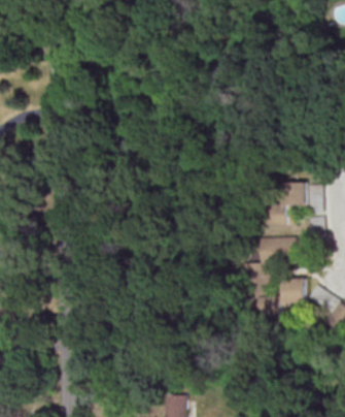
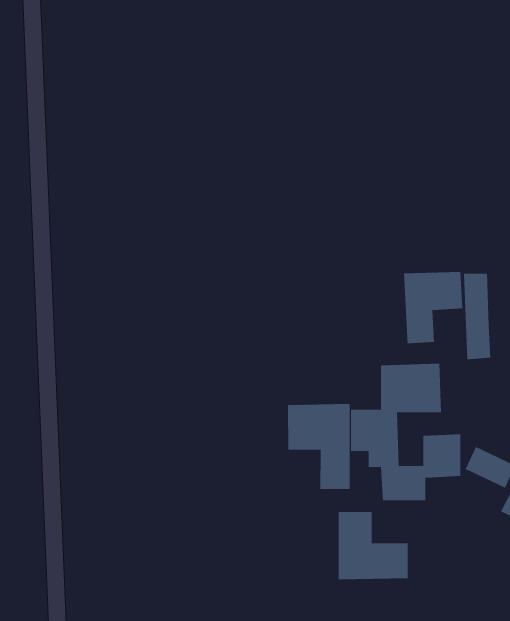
building: none -> [288,403,350,490]
building: none -> [338,511,408,580]

